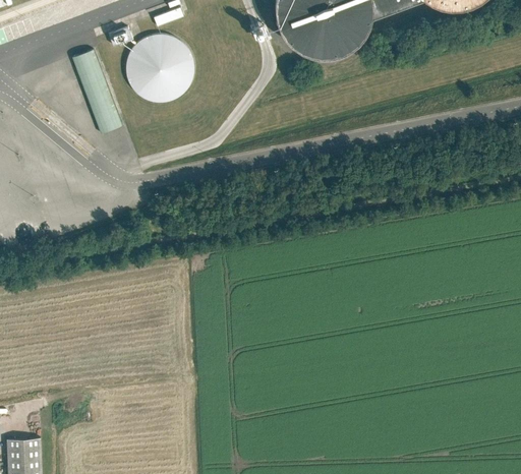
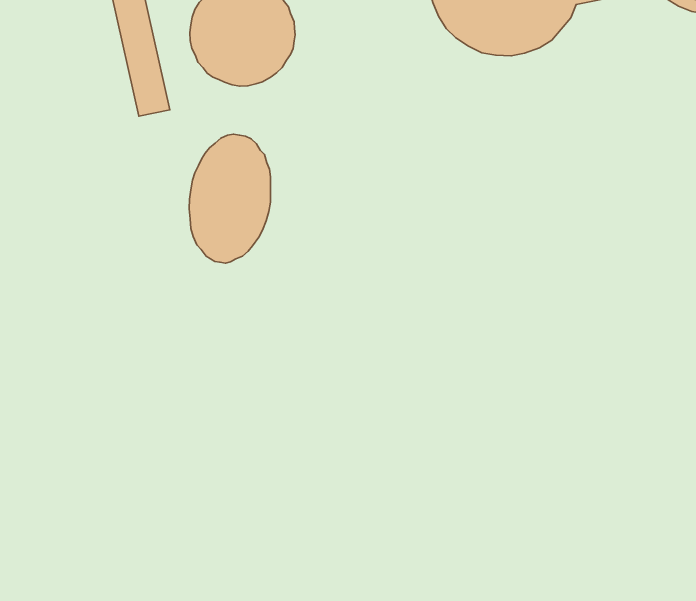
building: none -> [189,134,271,263]

